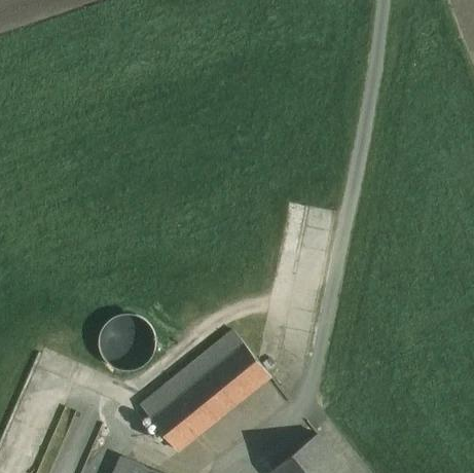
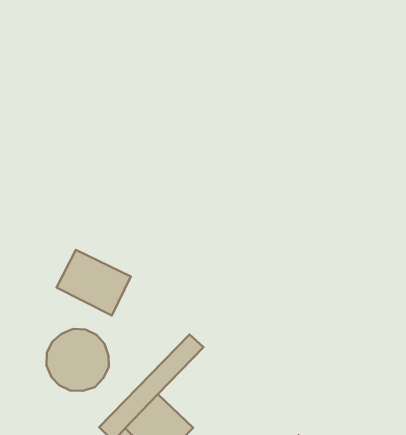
building: none -> [56,250,131,315]
building: [195,345,270,417] -> none

